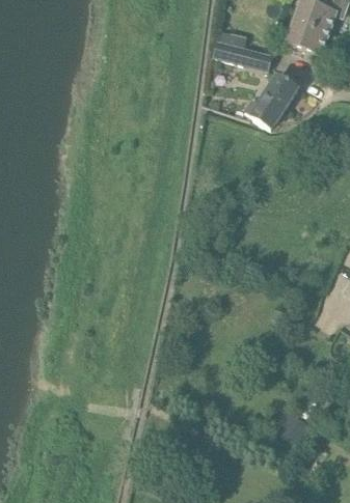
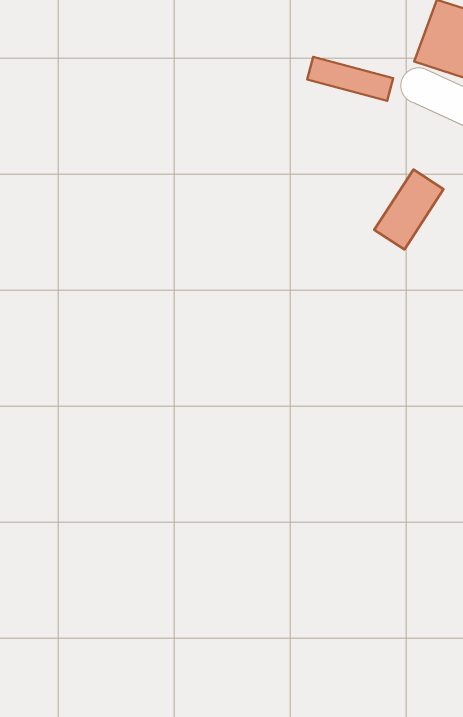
building: [248,65,296,120] -> [374,170,444,250]

